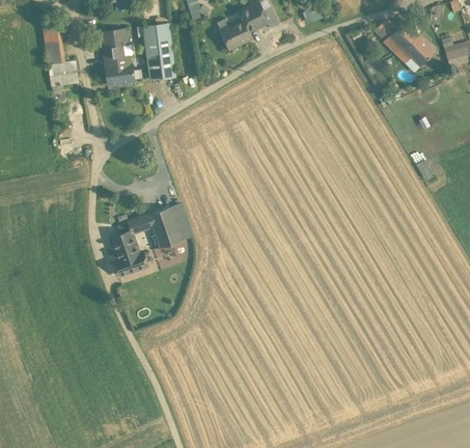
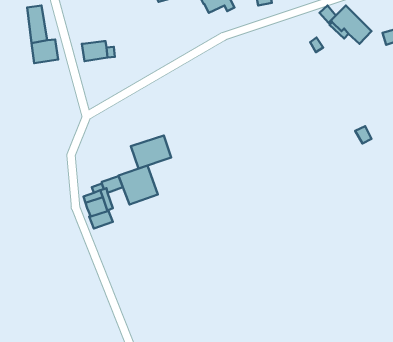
building: [220,20,252,48] -> none
building: [143,23,175,79] -> none
building: [102,28,130,65] -> none
building: none -> [131,136,171,169]

